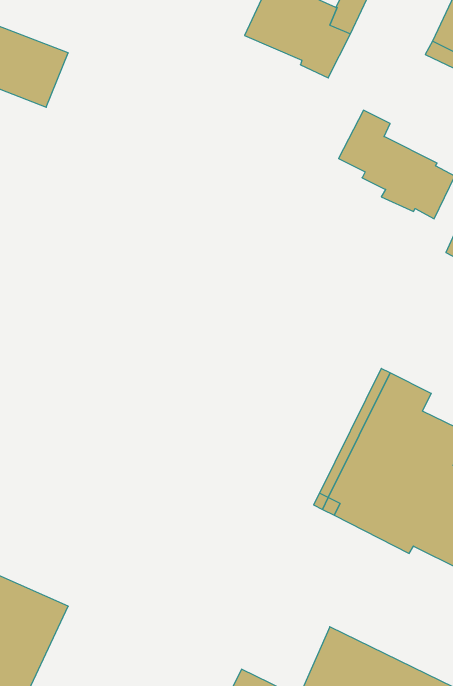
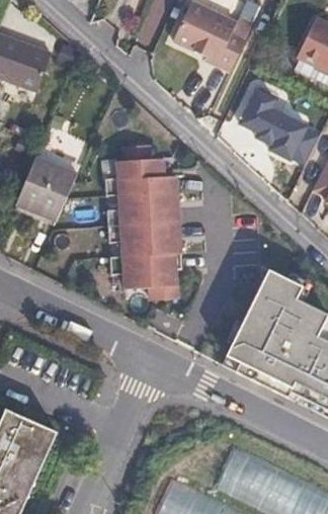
building: none -> [106,144,183,299]
building: none -> [17,148,78,221]

